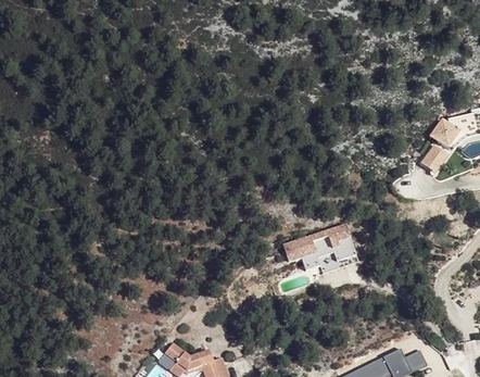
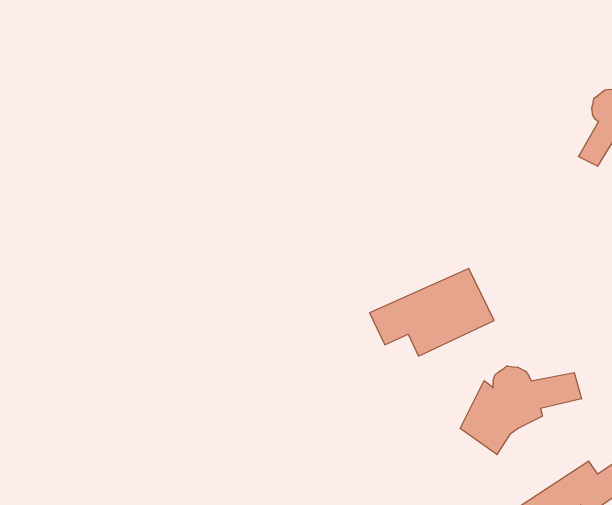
building: none -> [460,366,582,455]

